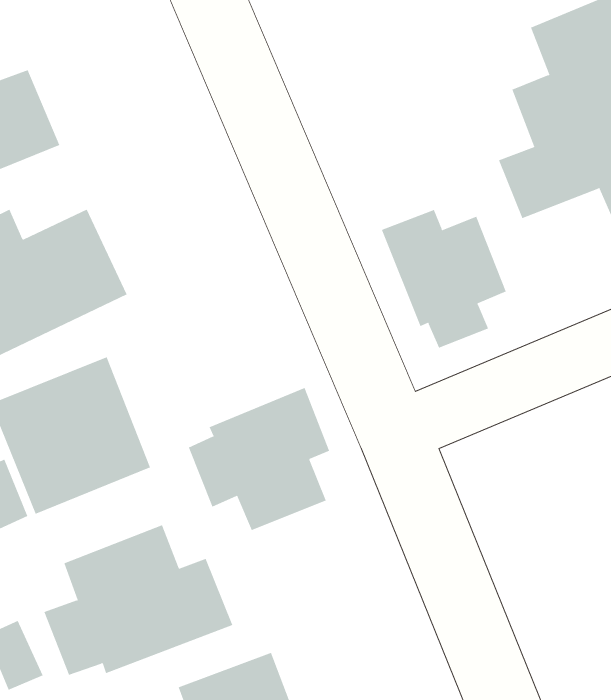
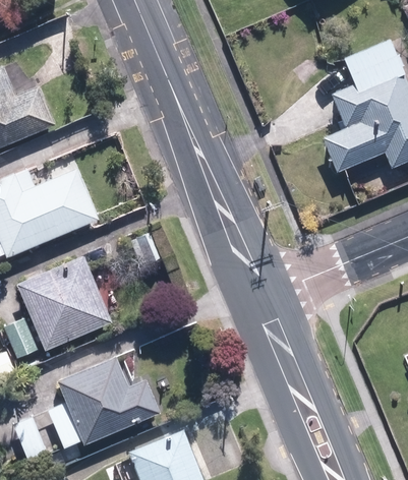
building: [381,209,506,349] -> none
building: [188,387,330,531] -> none

